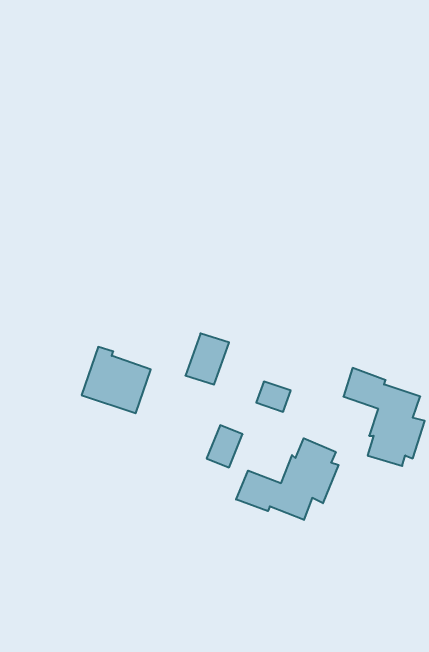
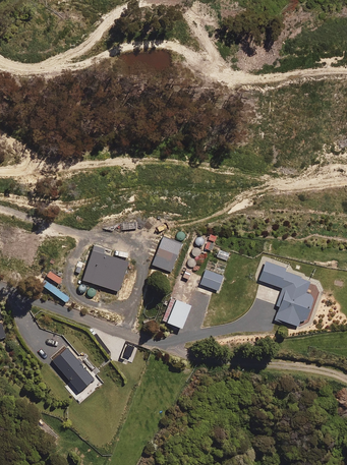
building: [236,438,339,520] -> none
building: none -> [52,348,100,404]

